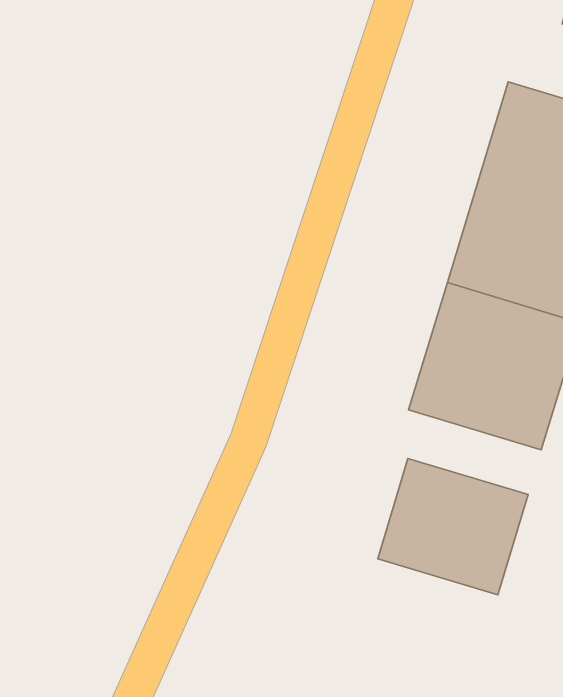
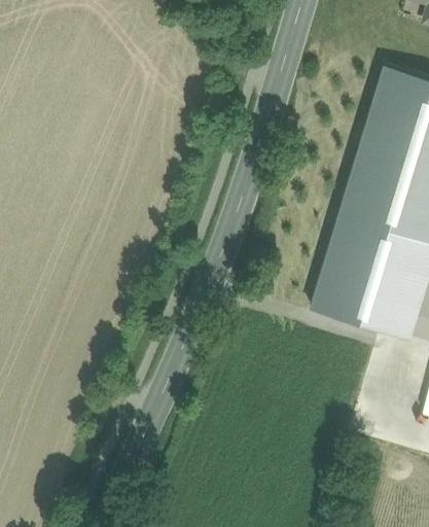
building: [378,458,528,595] -> none

